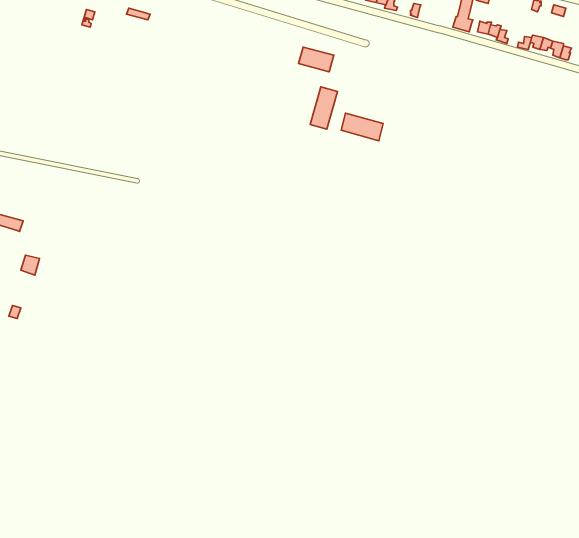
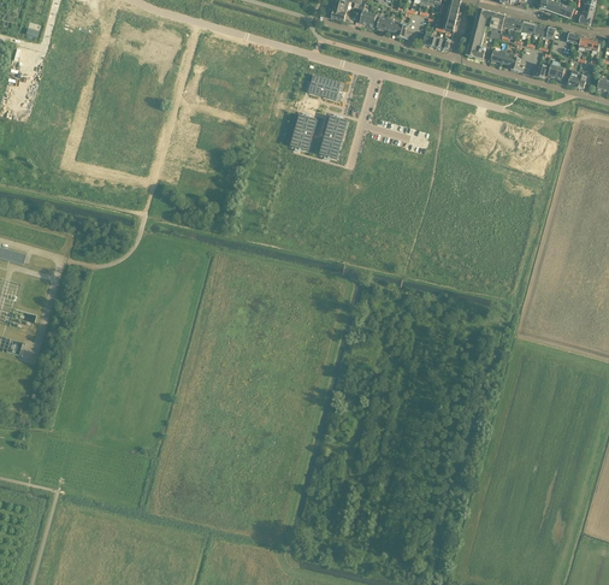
building: none -> [289,114,315,150]
building: [341,113,383,141] -> none

